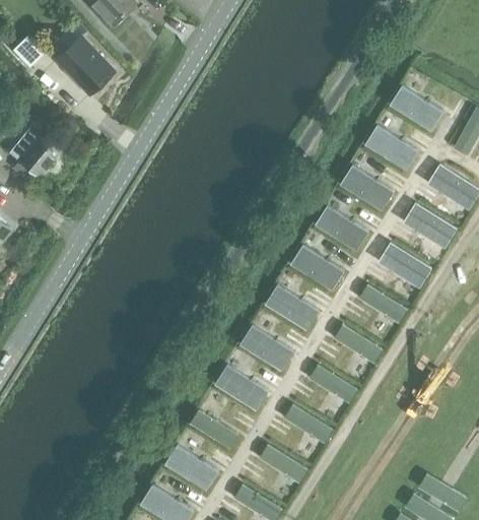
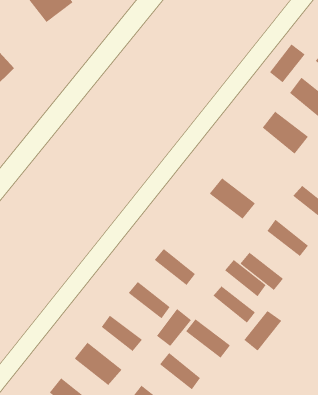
building: none -> [269,44,306,83]
building: [316,206,366,248] -> none
building: [264,291,313,330] -> [224,259,267,297]
building: none -> [243,310,282,352]
building: none -> [156,308,192,347]

